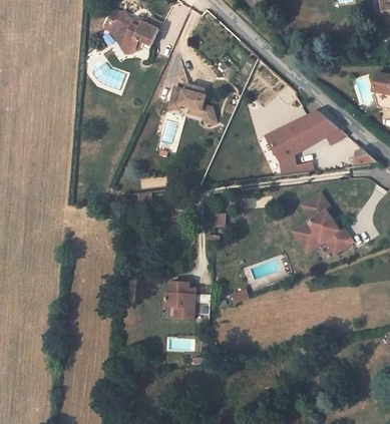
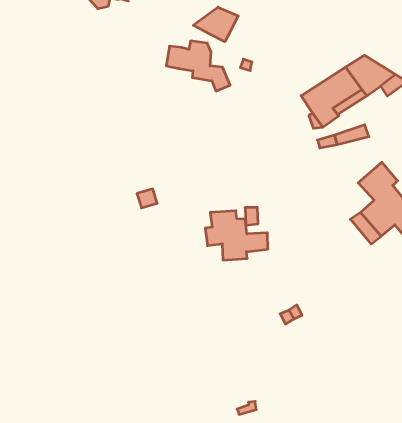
building: none -> [193,7,238,42]
building: [165,283,211,320] -> [205,211,268,260]

